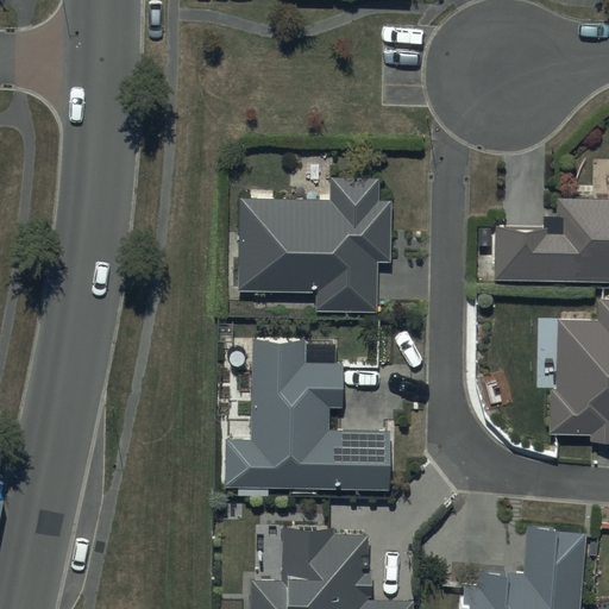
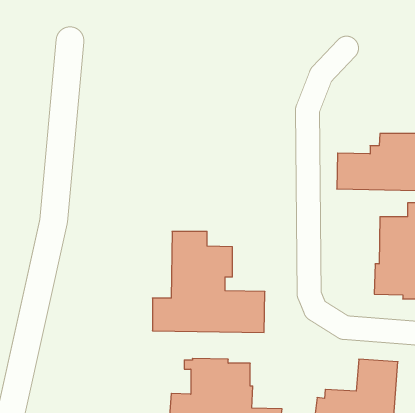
building: [237,180,390,313] -> none

